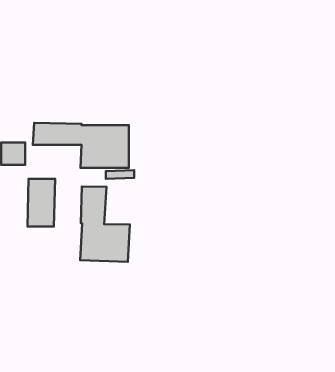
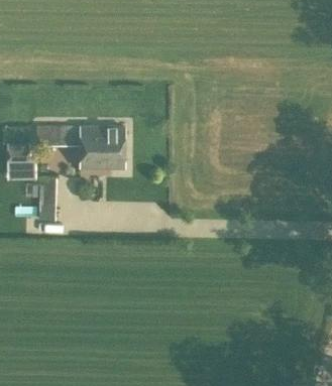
building: [80,187,130,262] -> none

